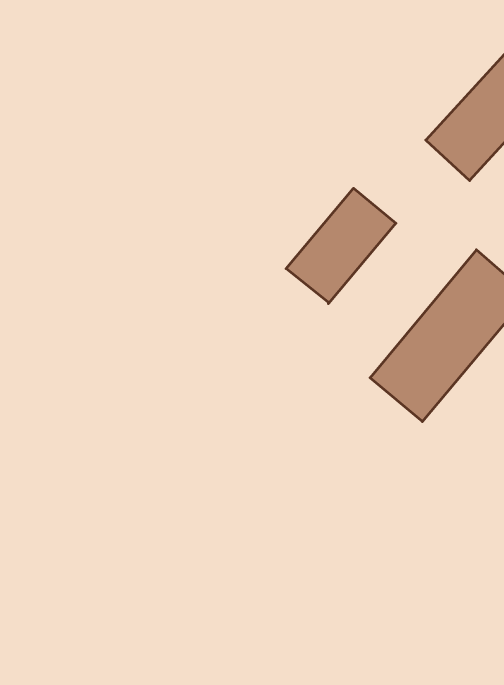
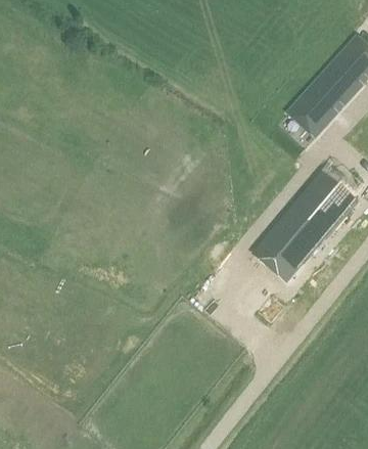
building: [286,188,396,304] -> none

